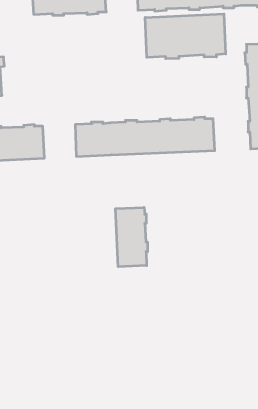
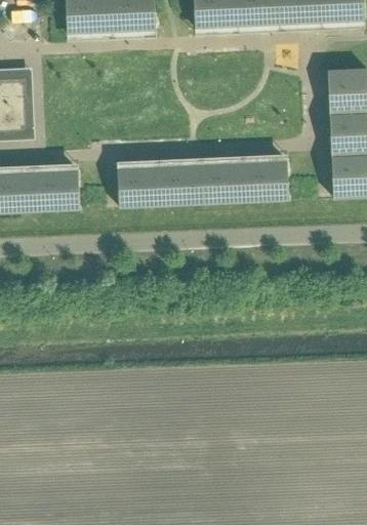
building: [145,14,226,59] -> none
building: [116,207,148,267] -> none

